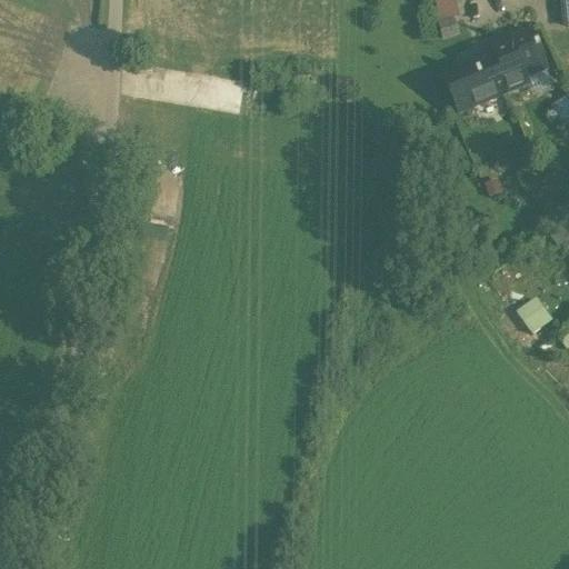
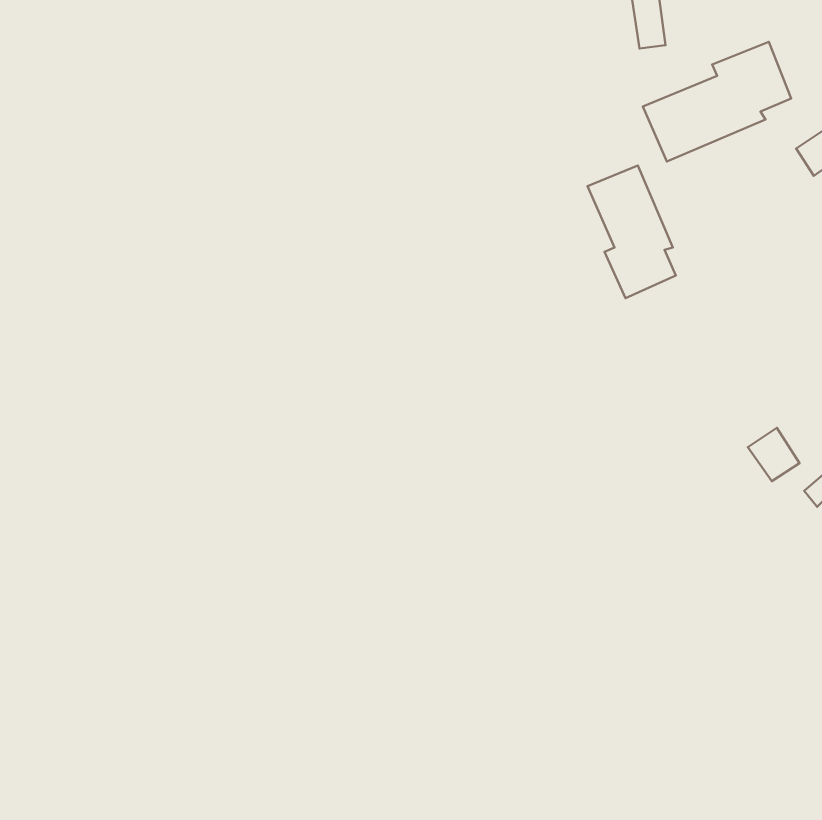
building: none -> [588,165,676,298]

